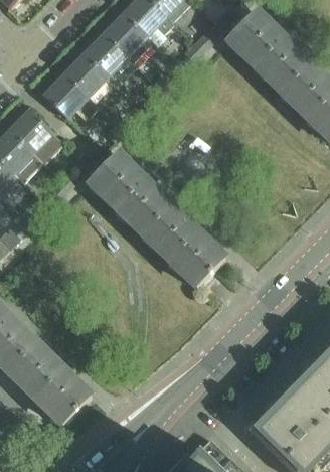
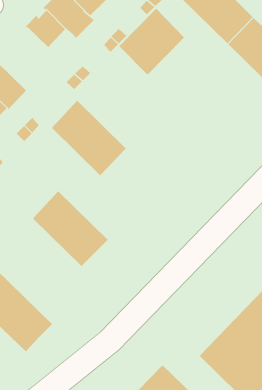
building: none -> [119,8,185,76]
building: [41,73,98,116] -> none
building: [143,203,225,286] -> [32,190,109,267]

